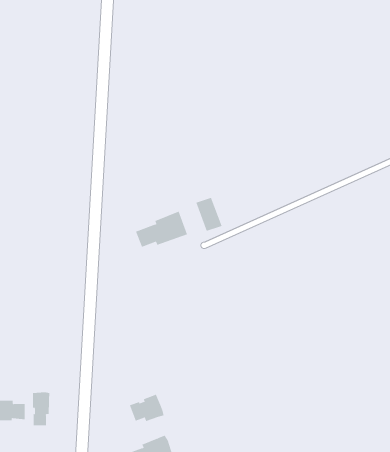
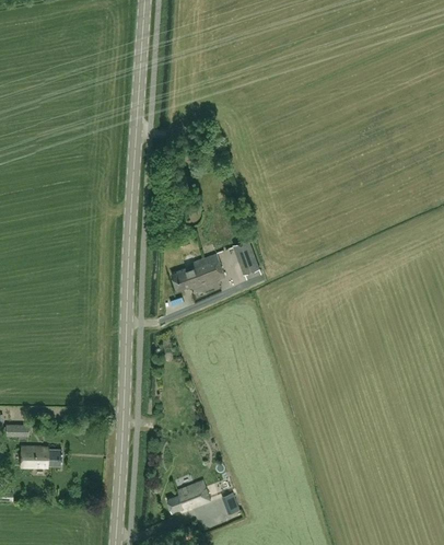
building: [32,392,50,426] -> none
building: [129,394,164,422] -> none

